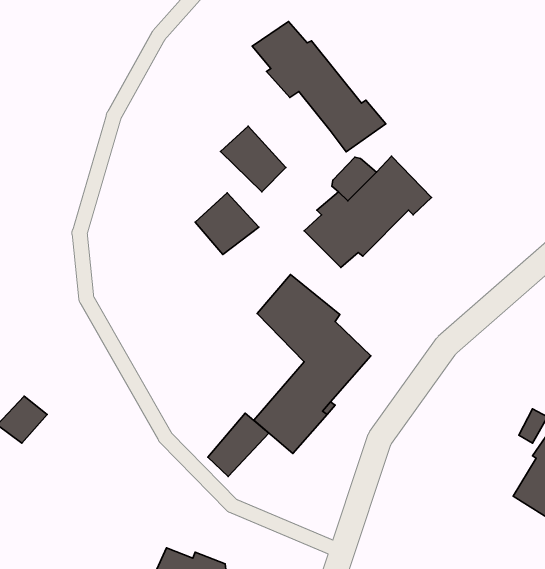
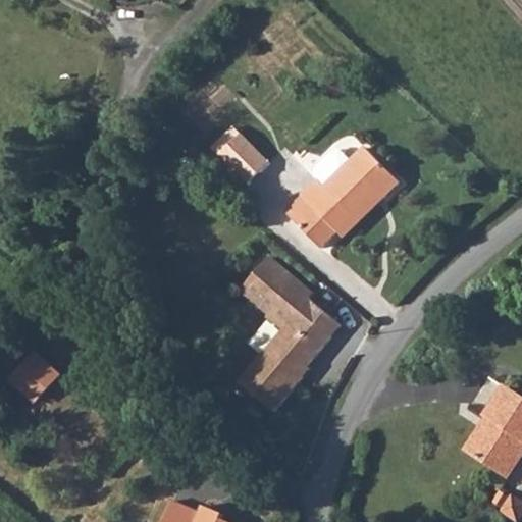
building: [252,22,386,152] -> none
building: [195,193,259,254] -> none
building: [208,413,269,476] -> none

